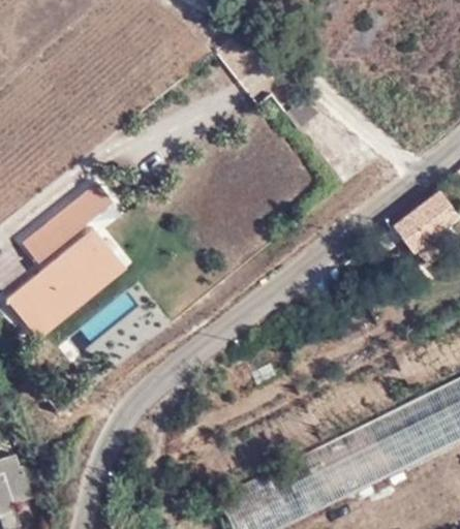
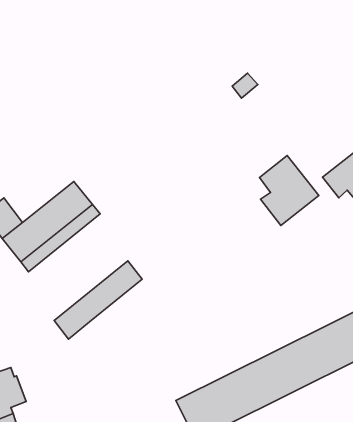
building: [21,185,112,266] -> none
building: none -> [259,155,319,225]
building: none -> [54,261,142,339]

